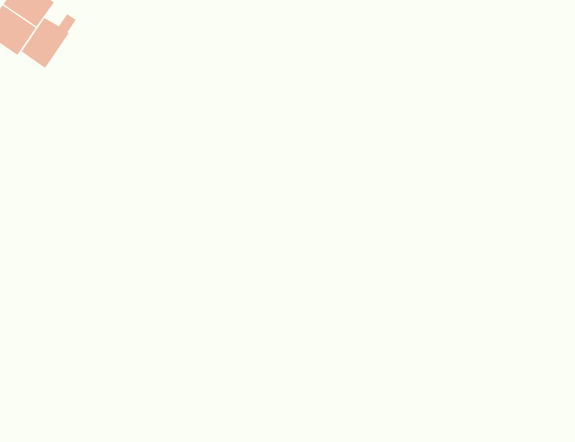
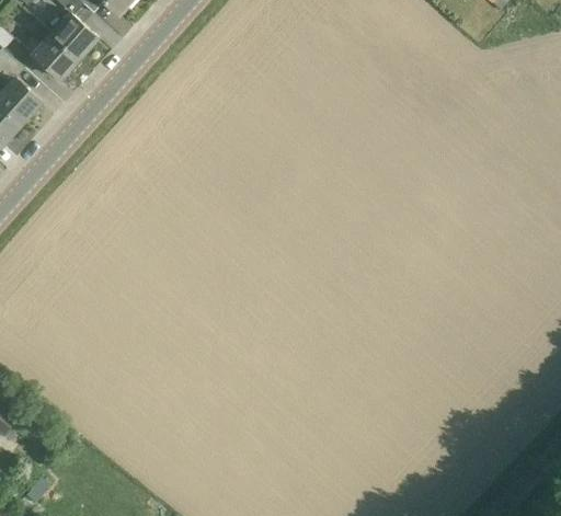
building: [21,13,77,69] -> none

